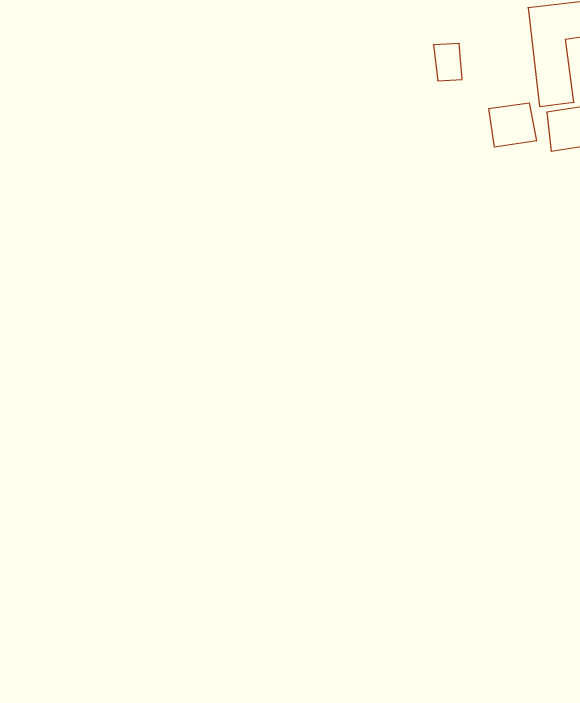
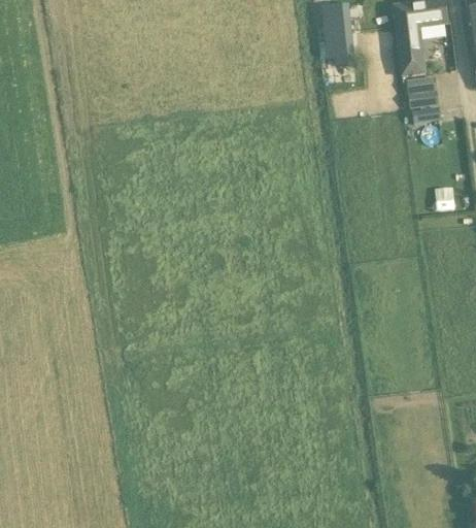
building: [489,103,536,147] -> none

